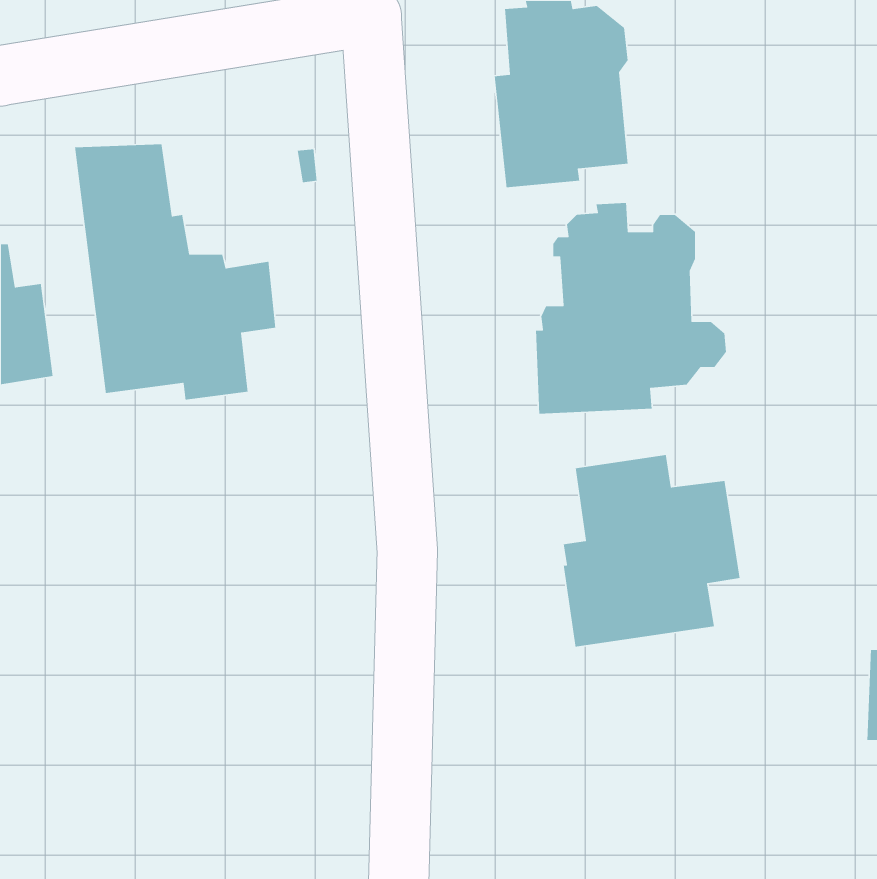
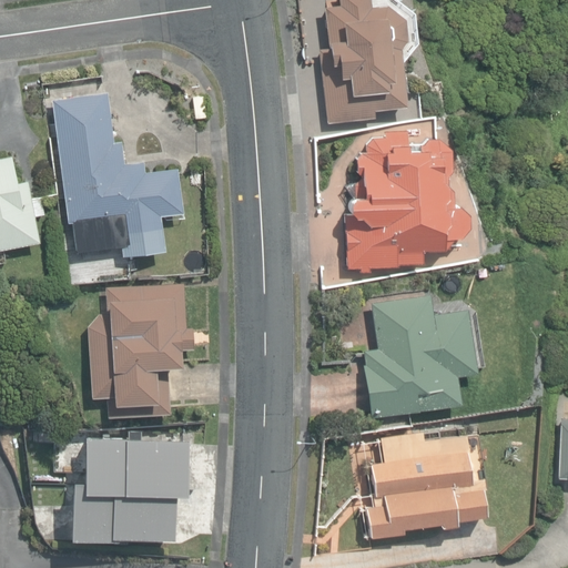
building: none -> [90,284,195,417]
building: none -> [367,432,487,537]
building: none -> [71,434,183,537]

